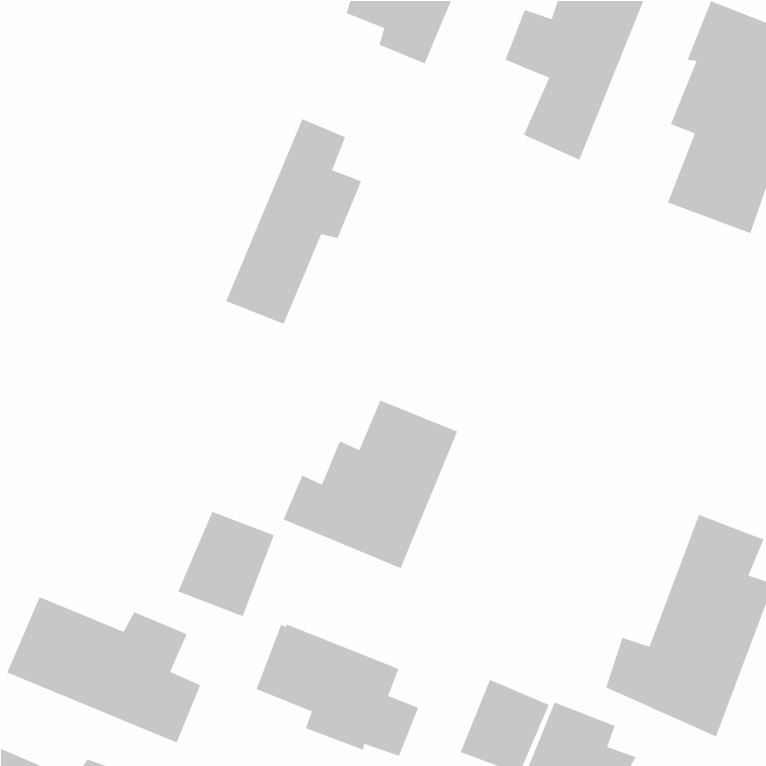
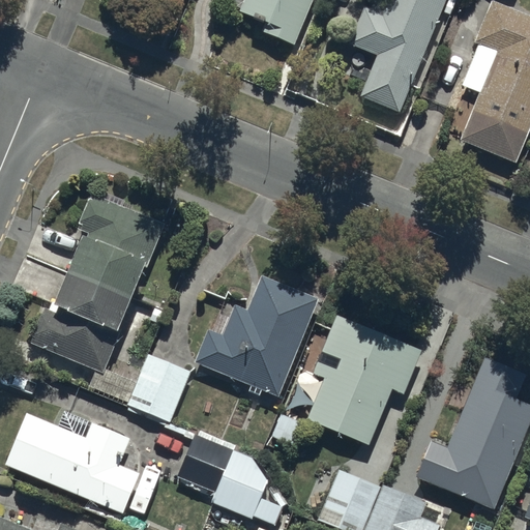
building: [225,118,362,325] -> none
building: none -> [30,194,165,372]
building: none -> [306,315,421,444]

